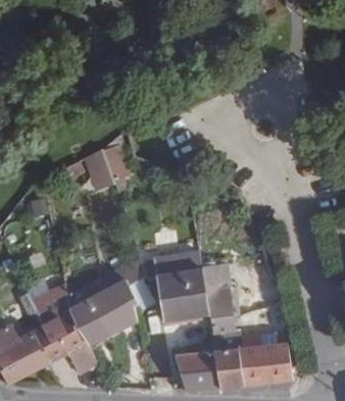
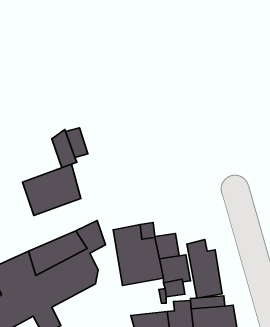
building: none -> [23,164,81,216]
building: none -> [187,240,222,298]

